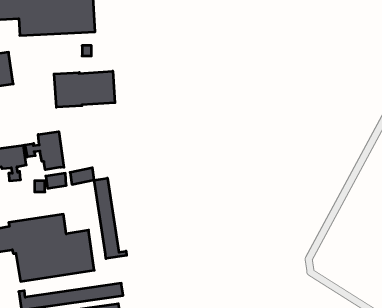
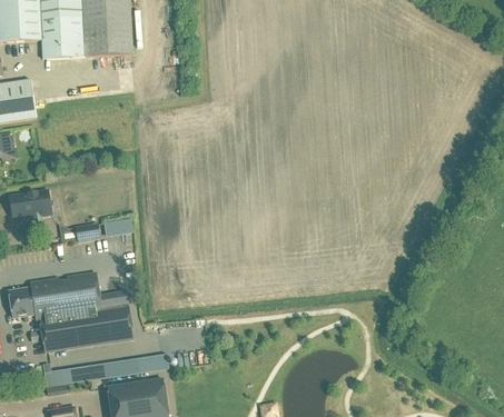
building: [54,71,115,107] -> none
building: [25,132,64,170] -> none
building: [94,178,127,259] -> none

